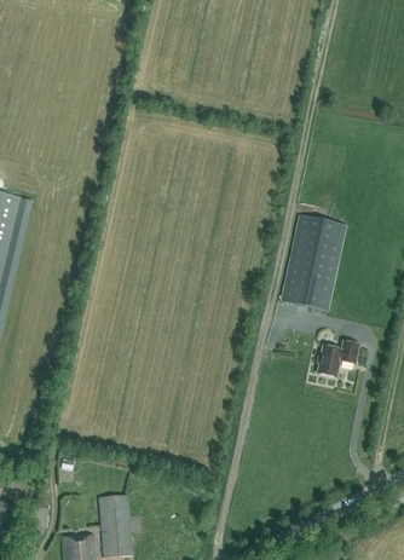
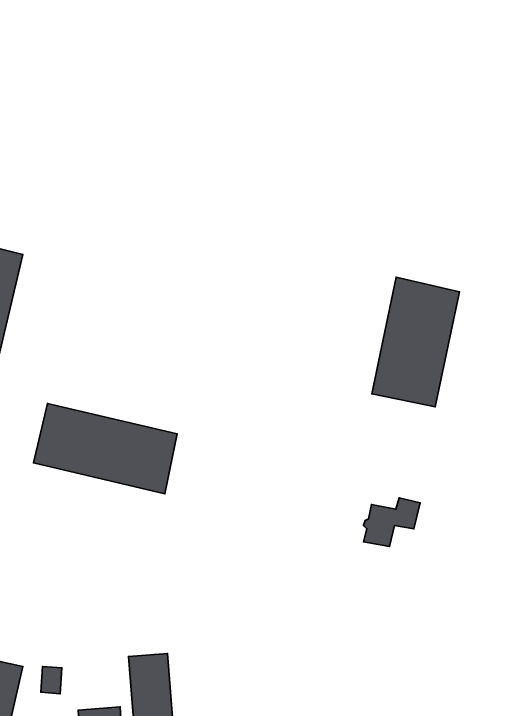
building: none -> [33,403,177,494]
building: [316,340,358,376] -> [364,498,420,547]

